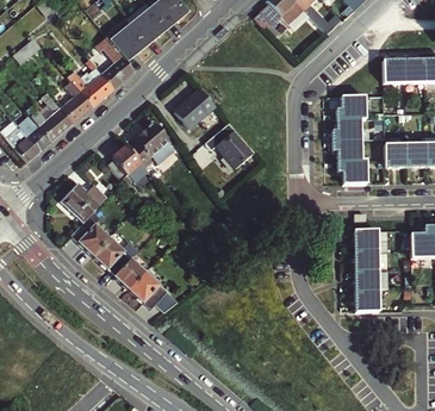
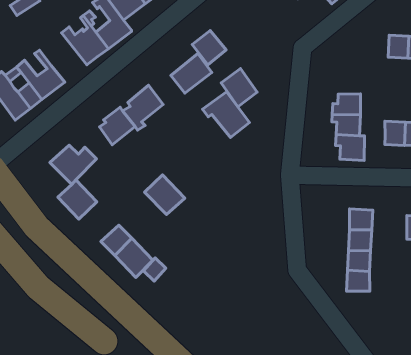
building: none -> [192,31,226,65]
building: [58,74,93,122] -> none
building: [338,94,366,119] -> none
building: none -> [221,69,257,107]
building: [93,236,132,274] -> [144,175,185,214]

